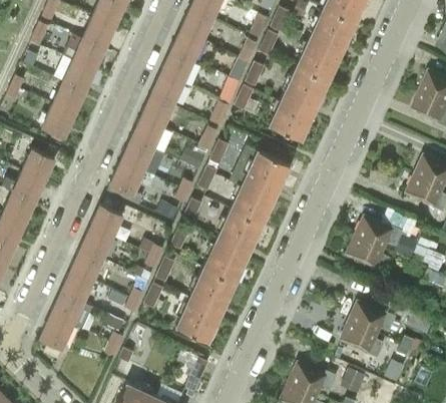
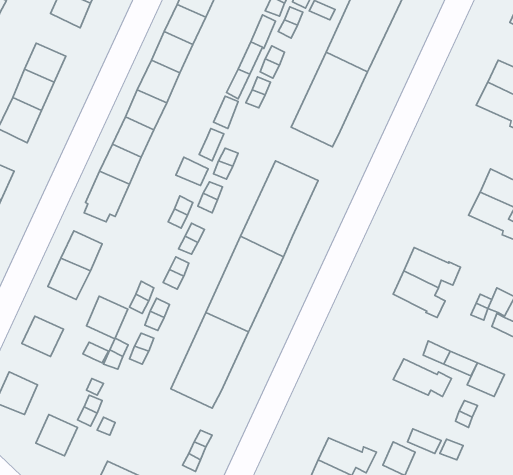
building: [67,33,106,69] -> none
building: [71,248,103,281] -> [86,296,128,339]
building: [51,292,83,324] -> [36,415,77,456]
building: [342,320,384,355] -> none

